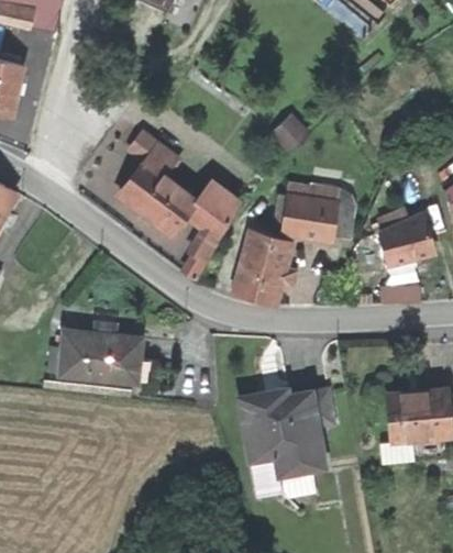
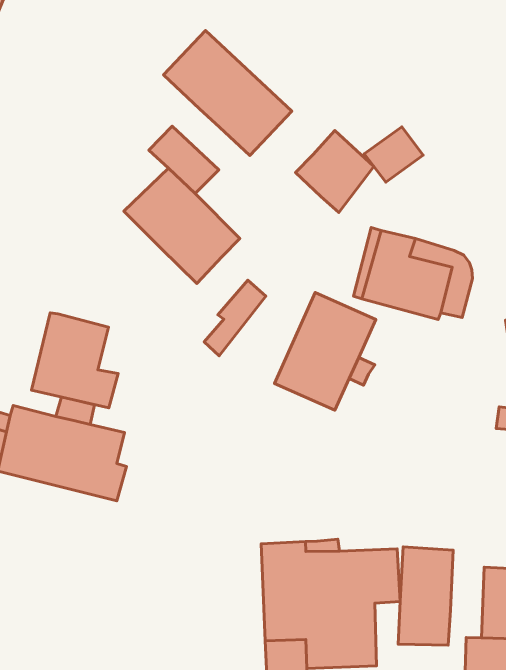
building: none -> [163,30,292,156]
building: [188,184,239,236] -> [295,131,374,212]
building: none -> [31,313,118,408]
building: none -> [398,547,453,645]

